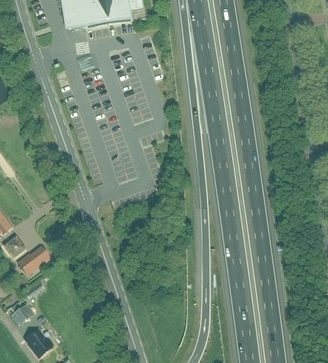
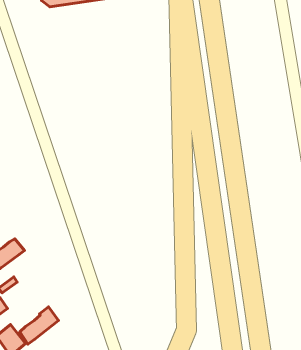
building: none -> [20,307,59,344]

